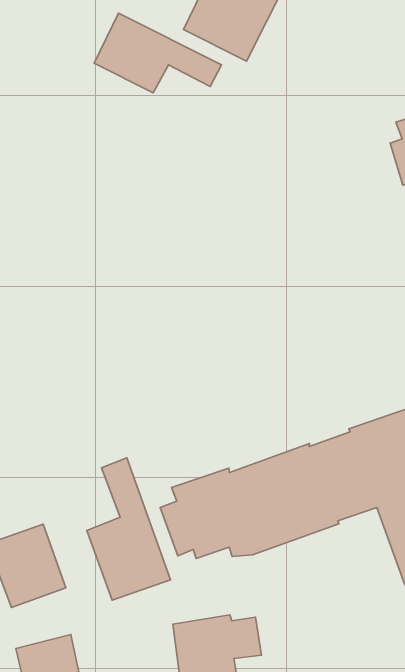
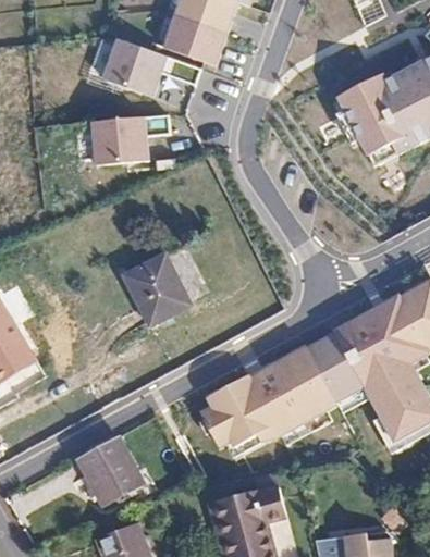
building: none -> [93,116,170,168]
building: none -> [114,261,183,333]
building: [87,458,171,600] -> none

